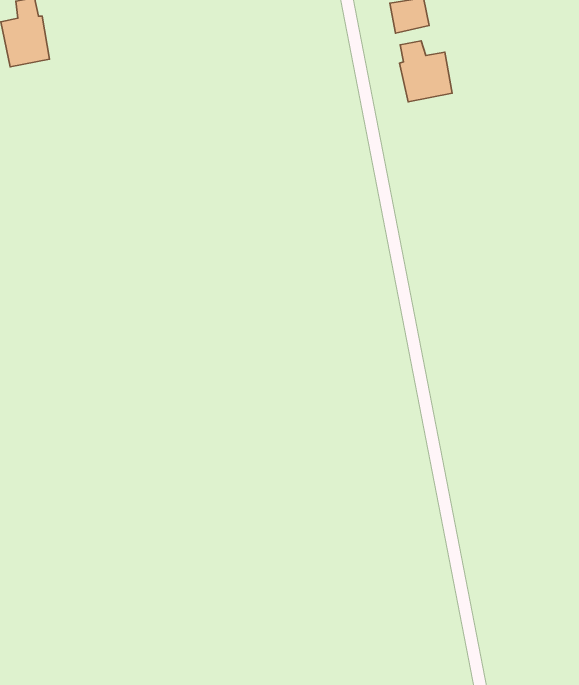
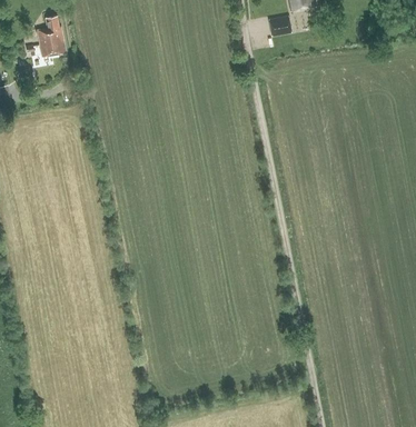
building: [400,41,452,102] -> none

